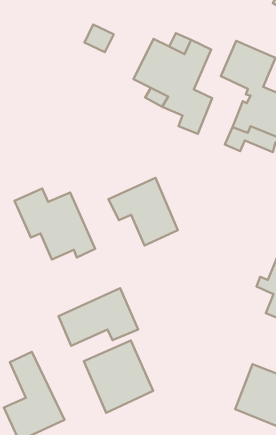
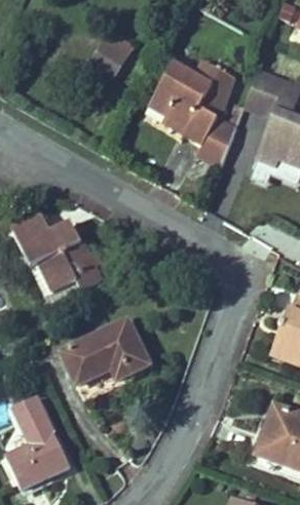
building: [108,178,178,246] -> none
building: [84,340,153,413] -> none

